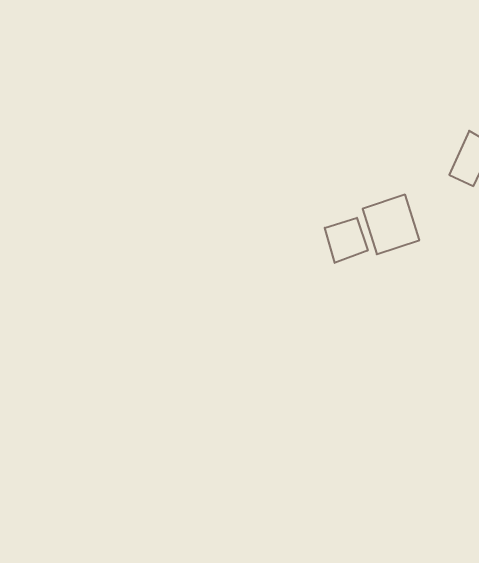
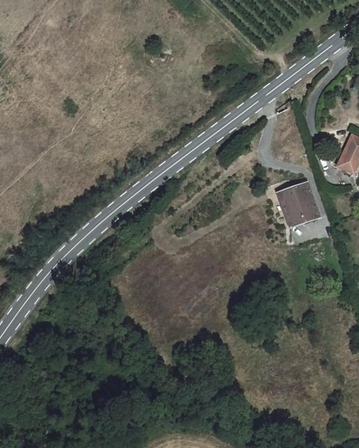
building: [325,218,368,263] -> none

